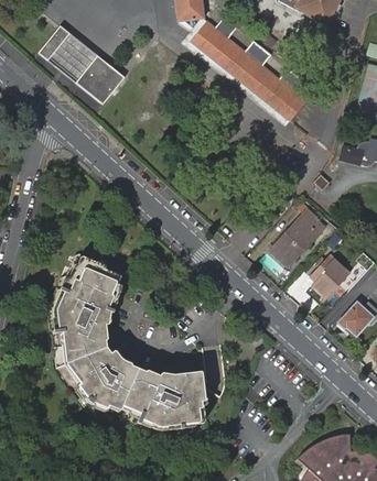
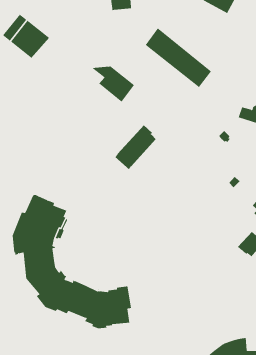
building: [182,17,237,65] -> [92,65,135,102]
building: [76,56,126,106] -> none
building: [271,208,325,266] -> [114,124,157,170]
building: [311,254,351,298] -> none

